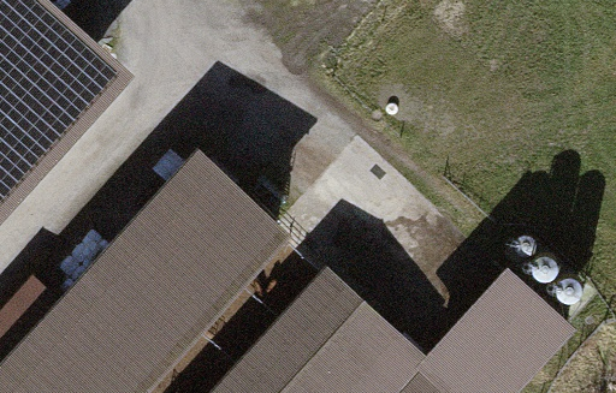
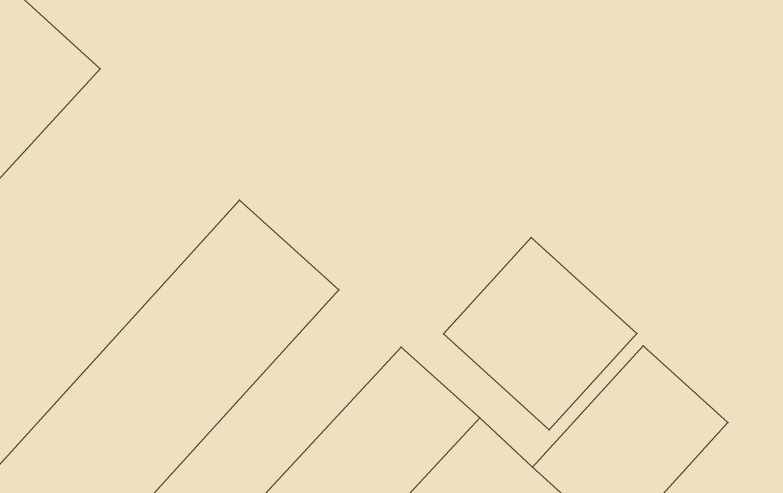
building: none -> [444,237,637,430]

